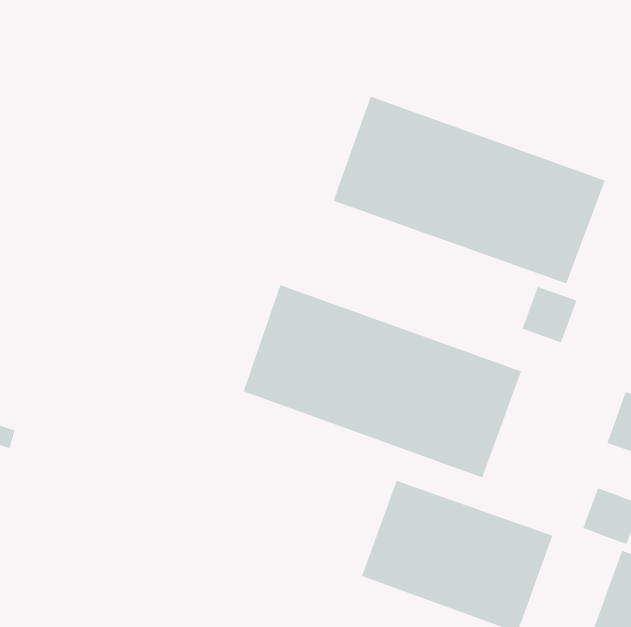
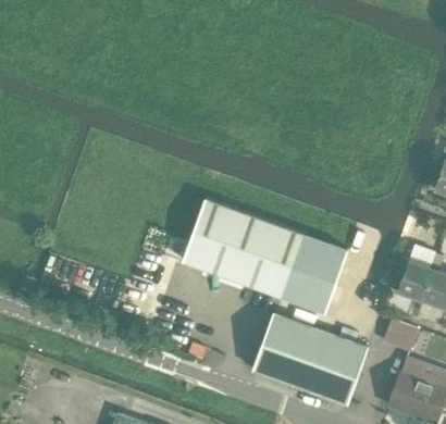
building: [333,96,605,284] -> none
building: [522,286,577,343] -> none

